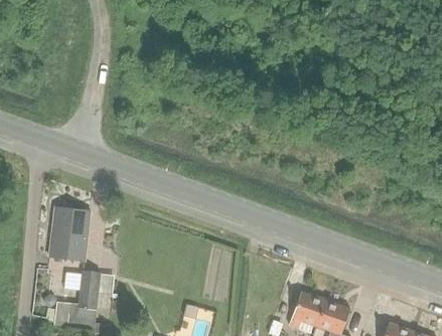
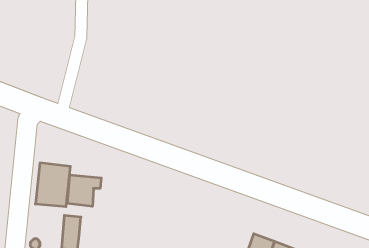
building: none -> [68,175,101,206]

